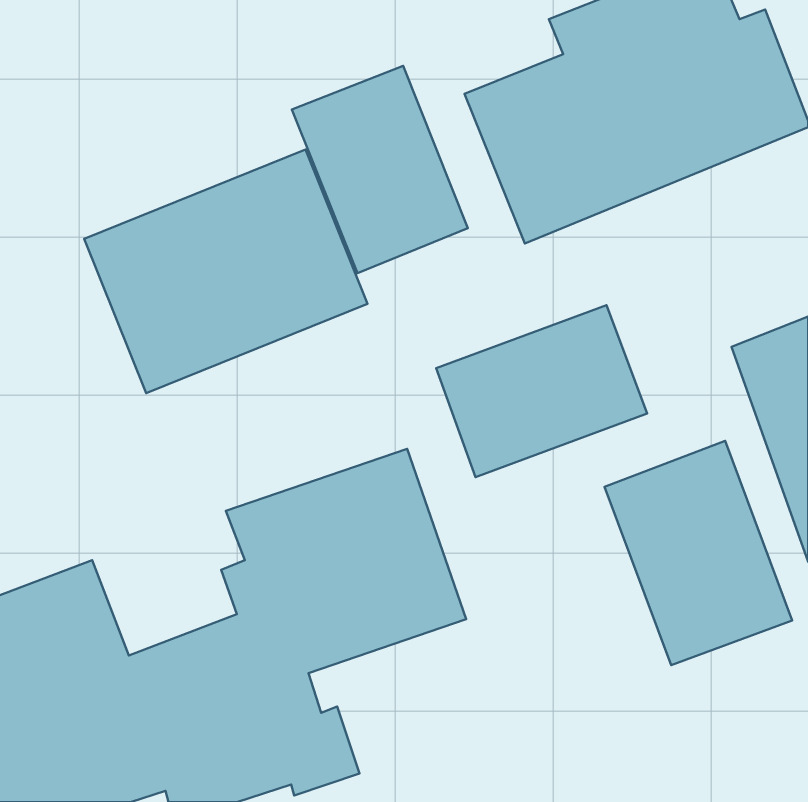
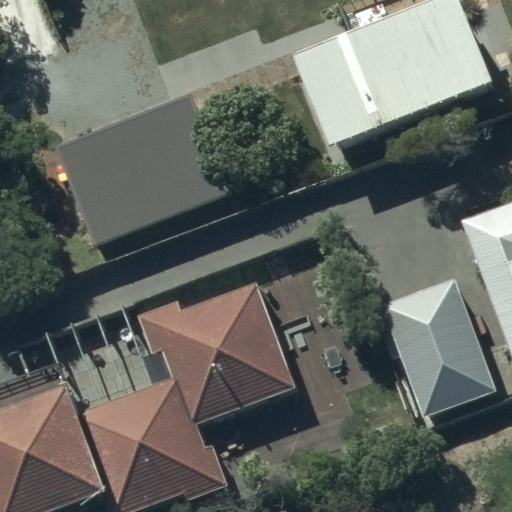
building: [292,66,468,273] -> none
building: [436,305,647,477] -> none

